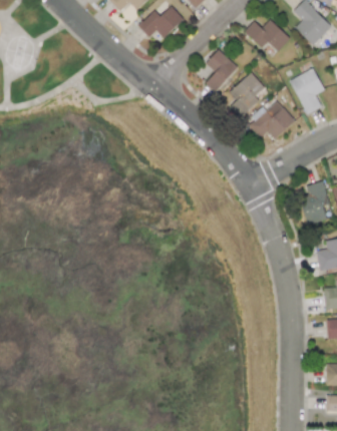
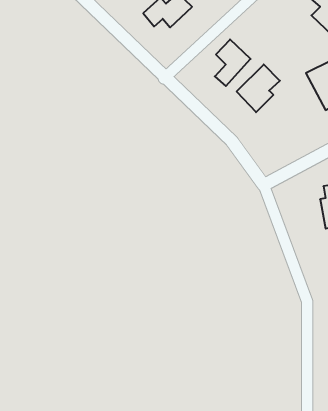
building: [245,19,290,51] -> none
building: [250,100,295,139] -> none

